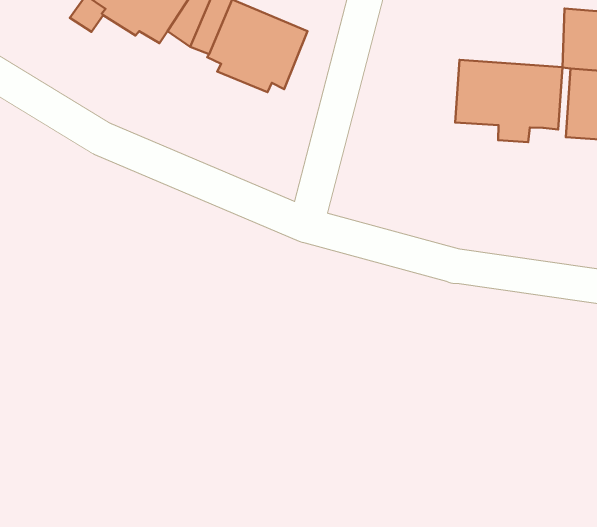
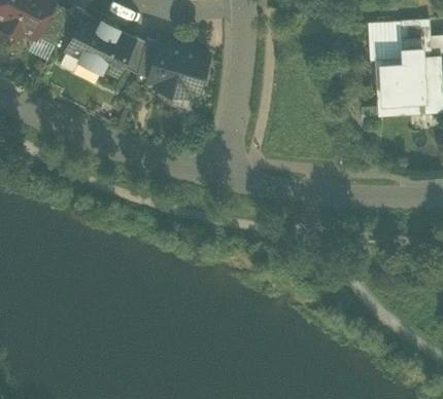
building: [455,60,563,142] -> none

